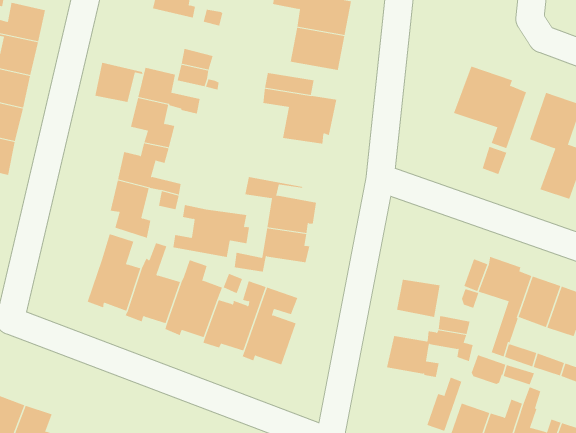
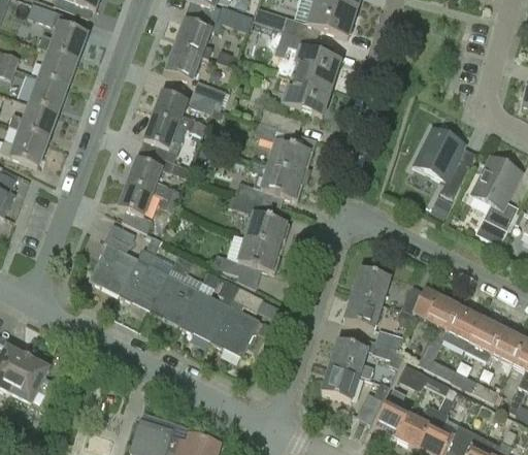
building: [95,62,143,103] -> [166,44,208,80]
building: [172,204,250,258] -> [236,159,302,207]
building: none -> [352,267,391,303]
building: none -> [321,365,359,400]

